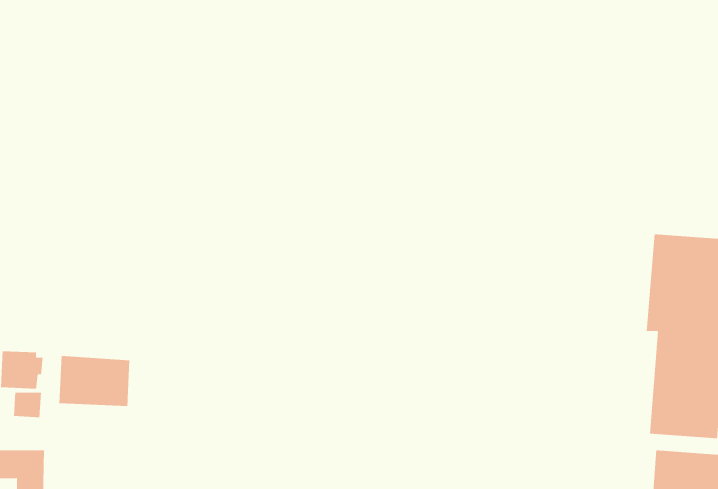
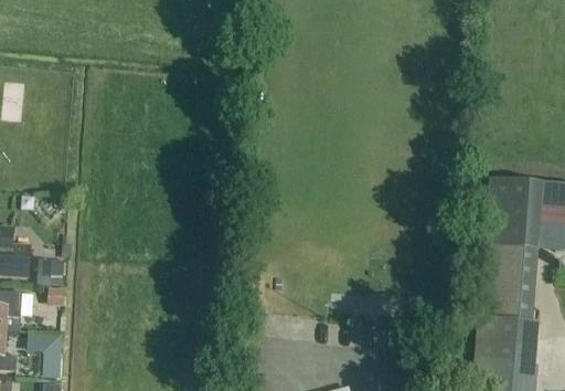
building: [59,355,130,407] -> none

